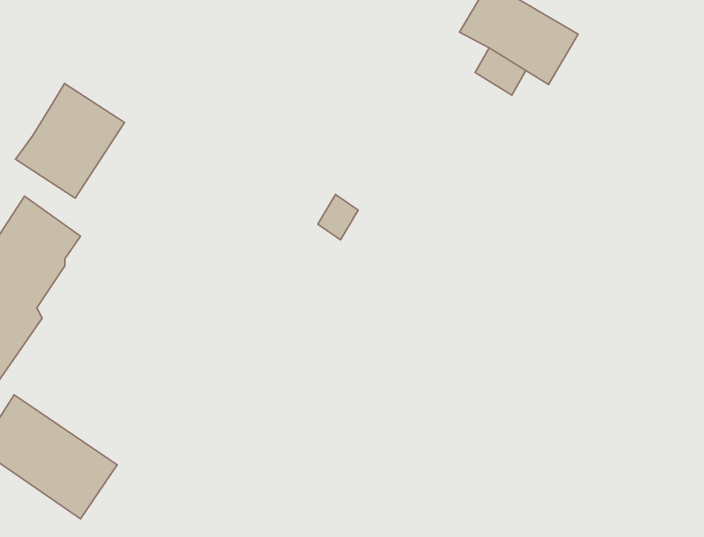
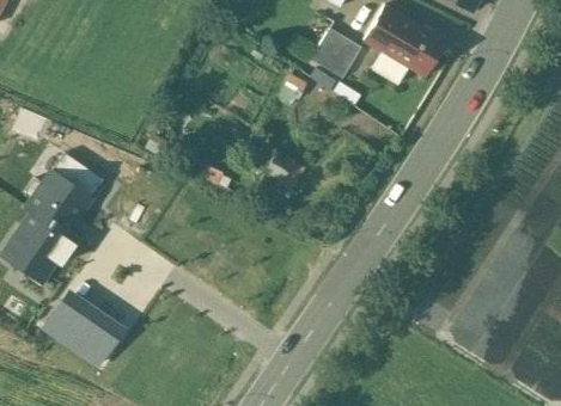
building: none -> [311,29,361,78]
building: [15,84,124,198] -> none

